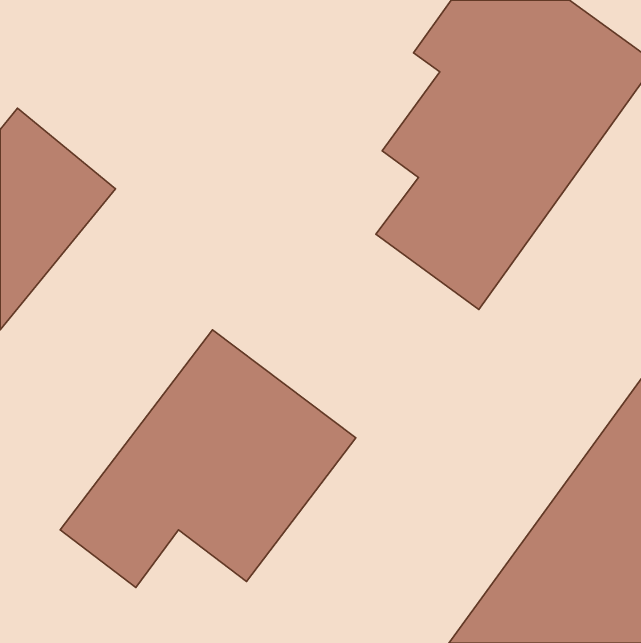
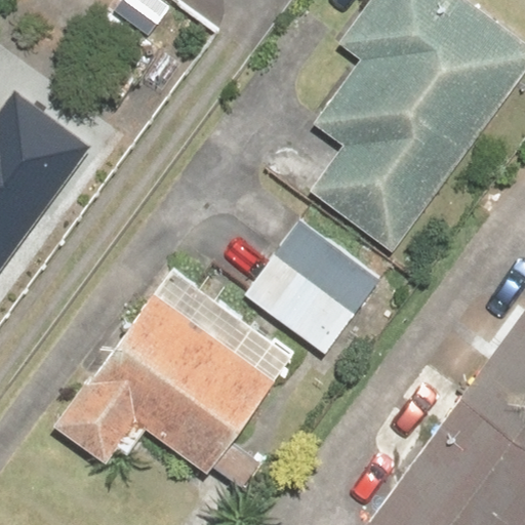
building: none -> [248,220,380,352]

